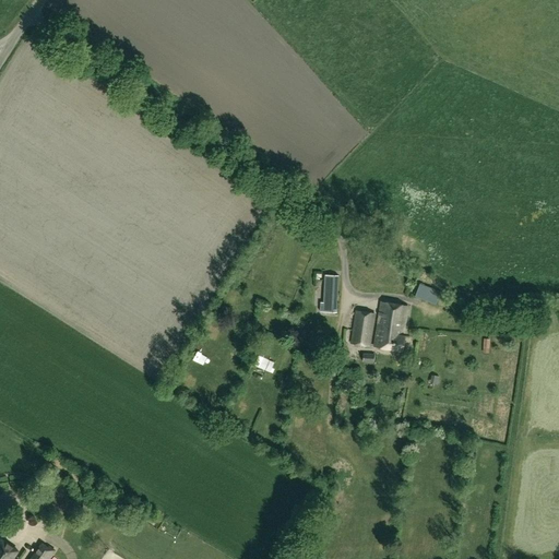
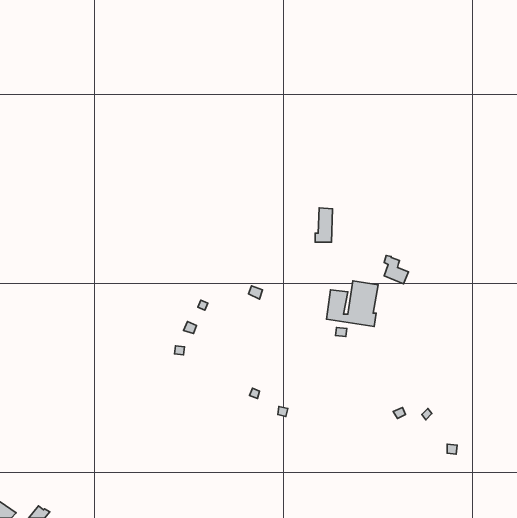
building: [319,275,337,312] -> [315,208,332,242]

